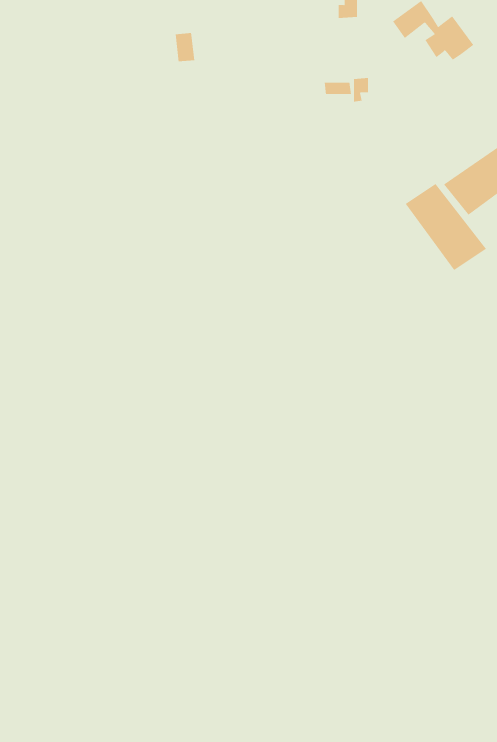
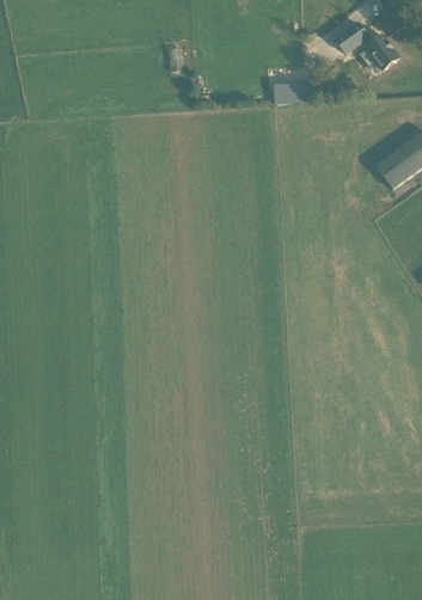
building: [405,183,487,271] -> none

